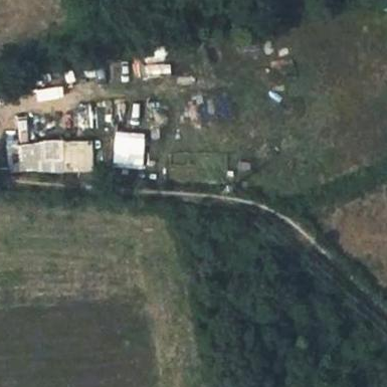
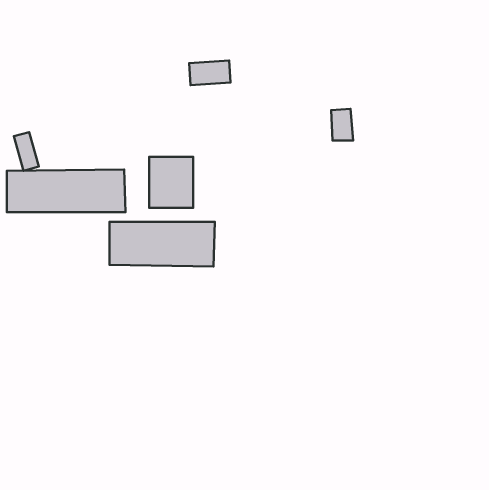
building: none -> [109,222,215,266]

